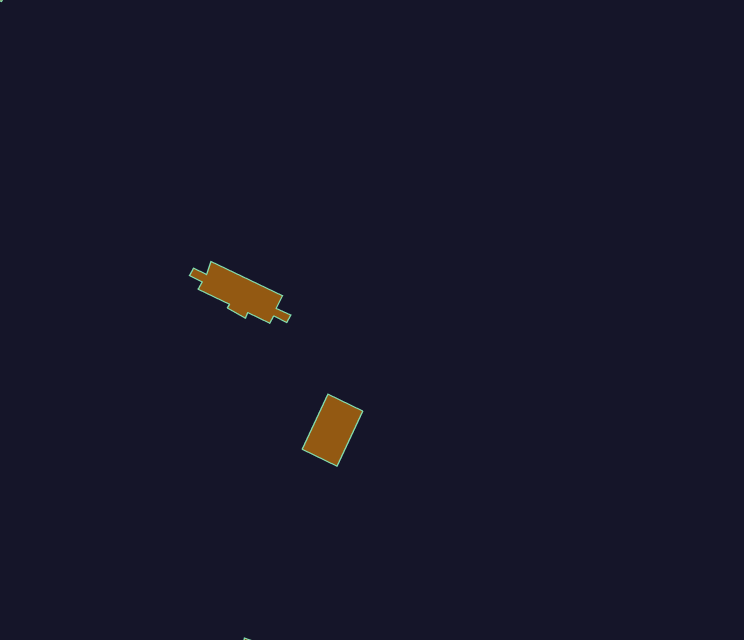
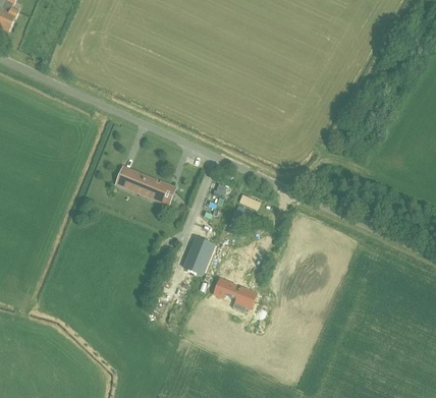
building: none -> [213,278,255,309]

